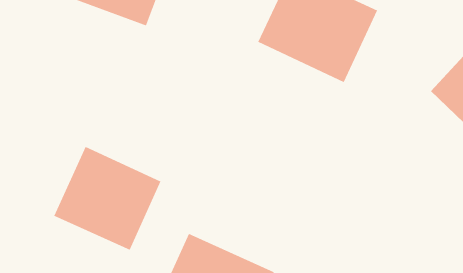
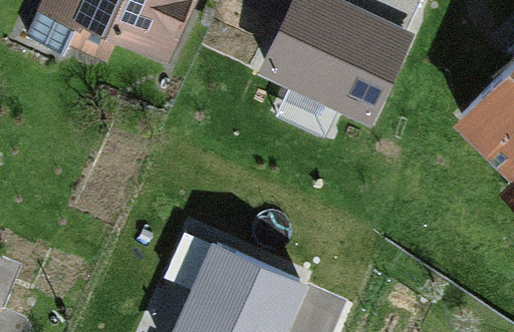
building: [53,146,162,251] -> none

